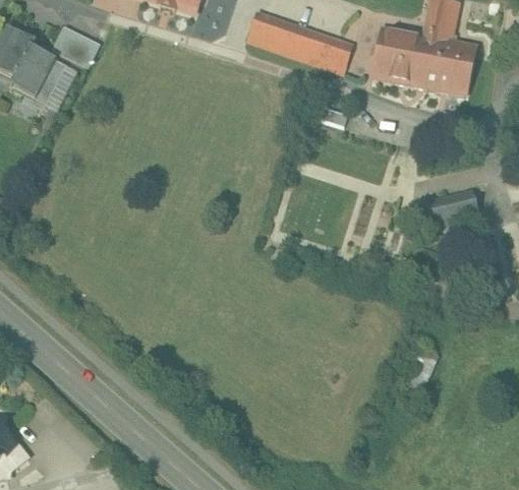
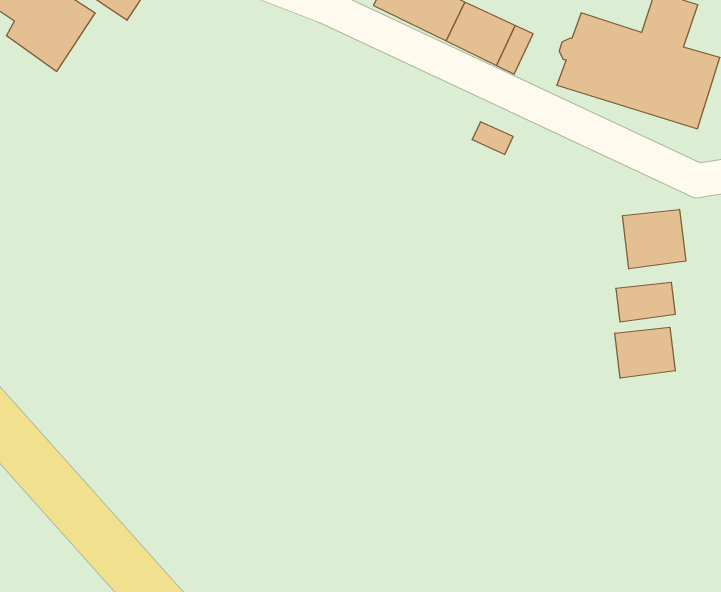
building: none -> [623,209,686,269]
building: none -> [615,327,675,378]

